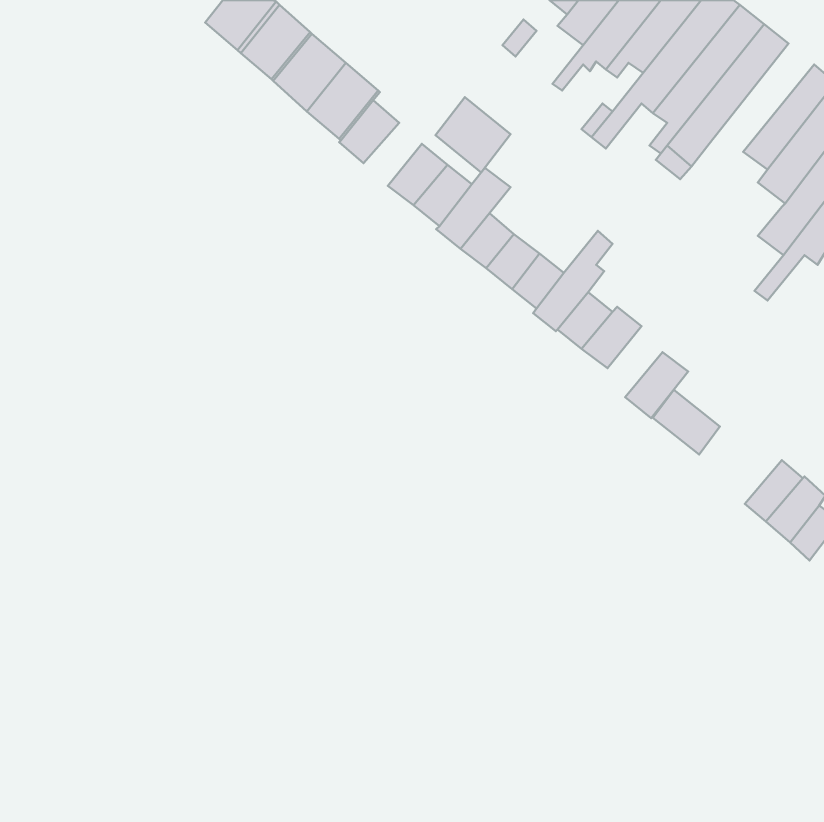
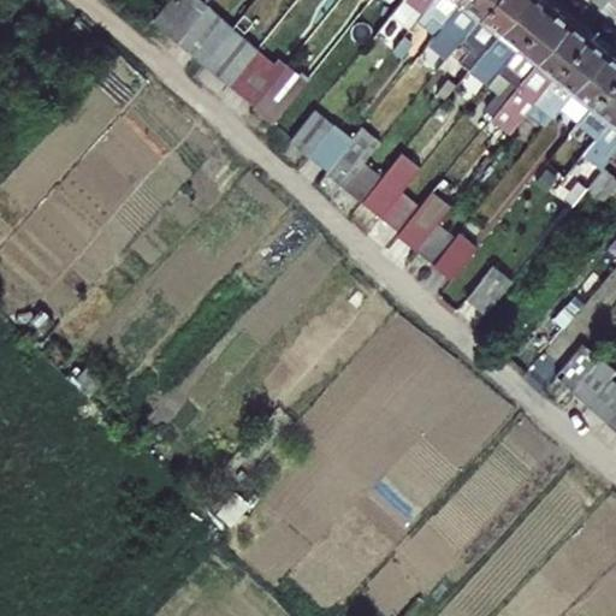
building: none -> [529,35,608,123]
building: [435,97,511,172] -> none
building: [653,390,720,455] -> none

